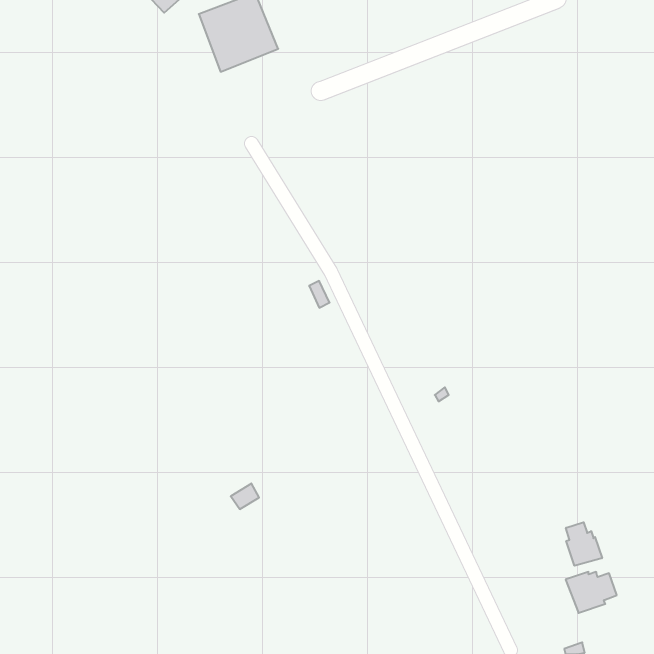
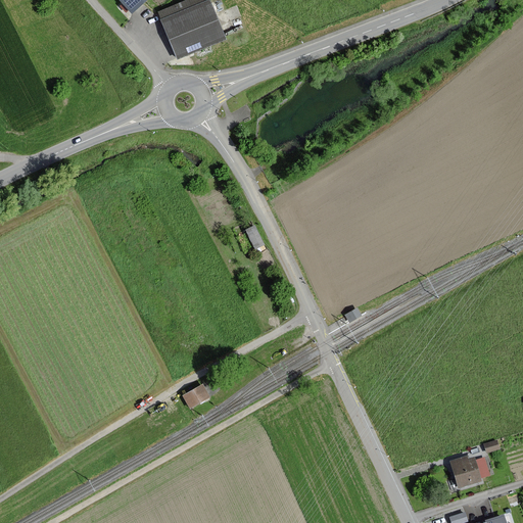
building: [566,522,602,566] -> none

